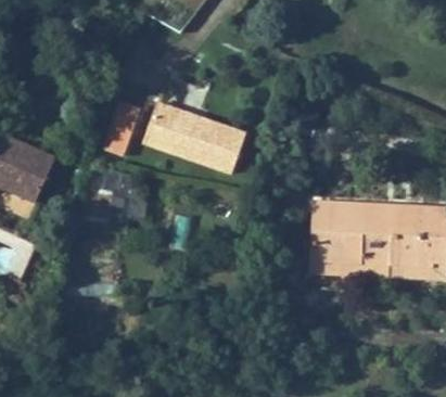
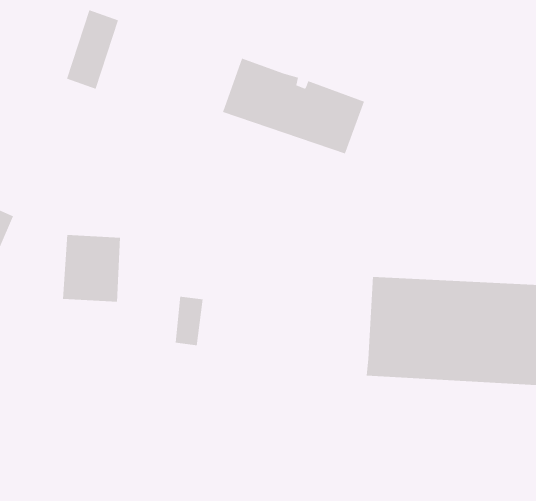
building: [103,100,141,157] -> [66,10,119,89]
building: [143,103,246,172] -> [222,58,365,154]

